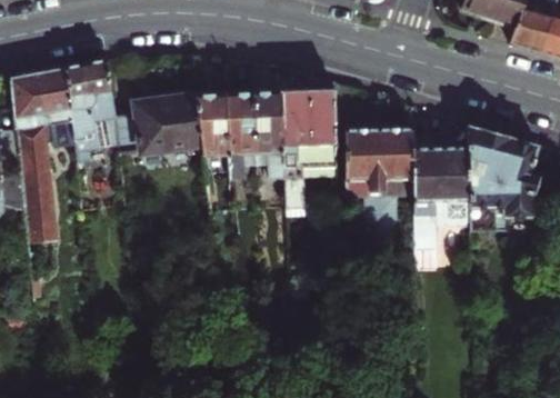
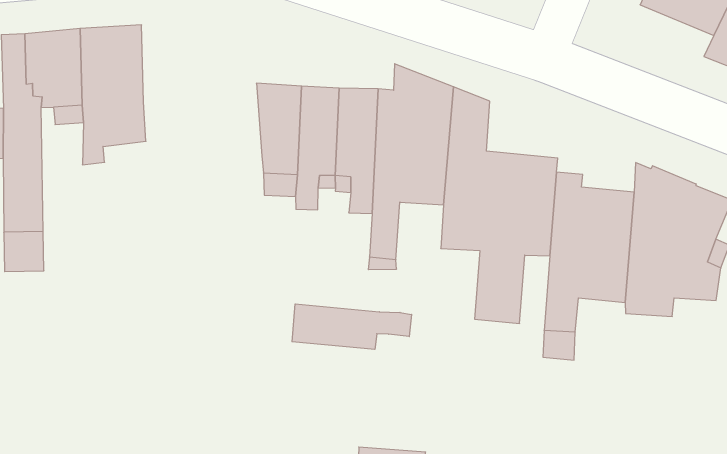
building: [116,93,203,153] -> none
building: none -> [292,304,412,349]

